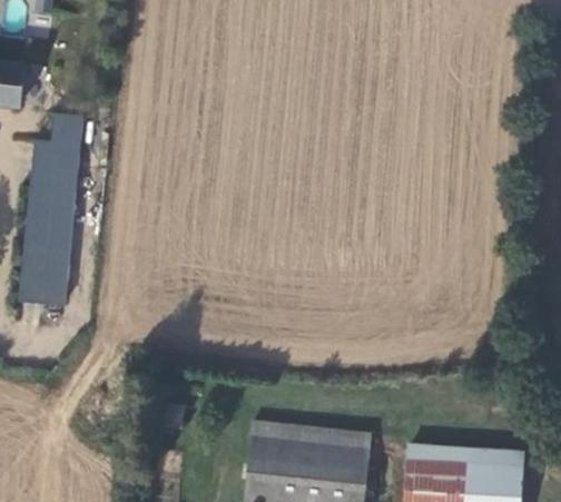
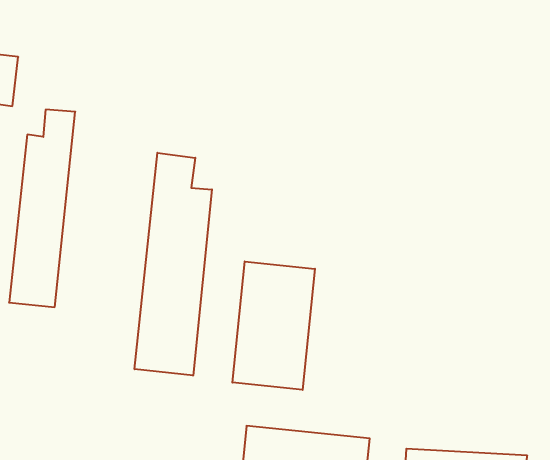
building: none -> [135,153,212,376]
building: none -> [232,261,315,390]

